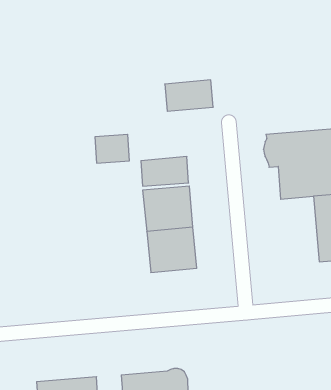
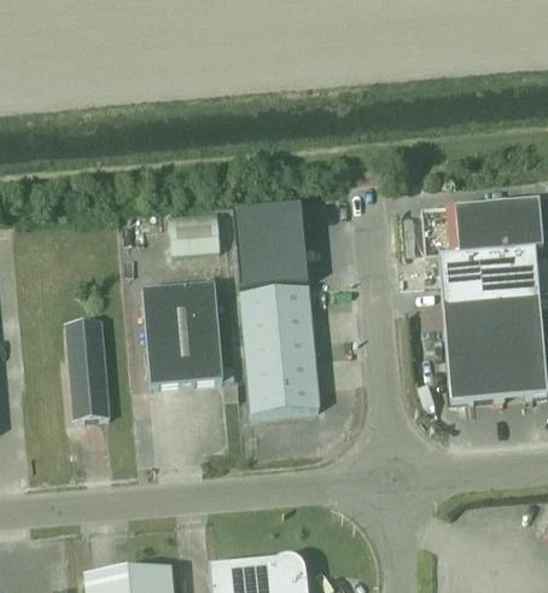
building: [165,80,213,111] -> [233,202,304,248]
building: none -> [141,280,222,384]
building: none -> [442,300,499,401]
building: none -> [66,318,109,418]

